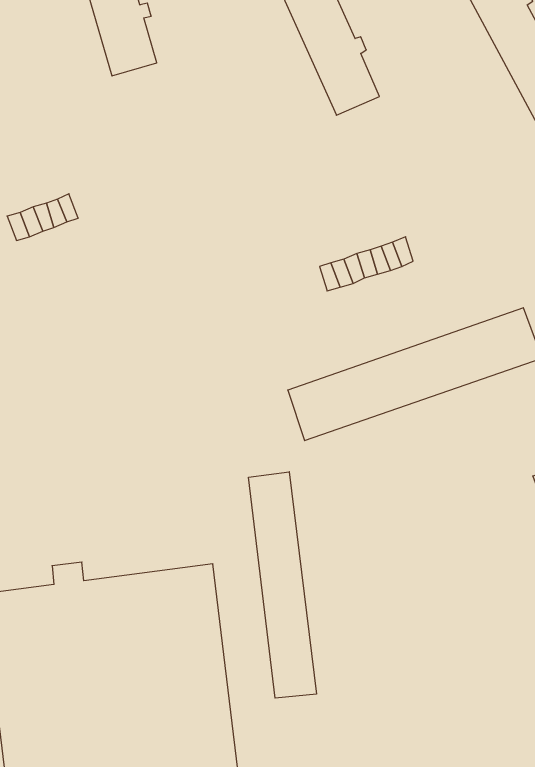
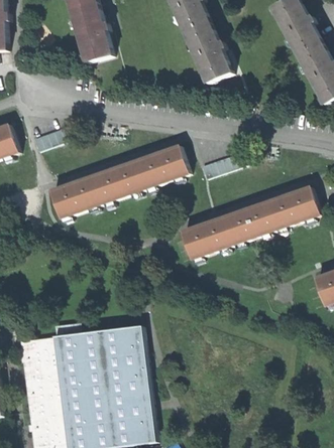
building: none -> [50,145,188,218]
building: [249,472,316,698] -> none

